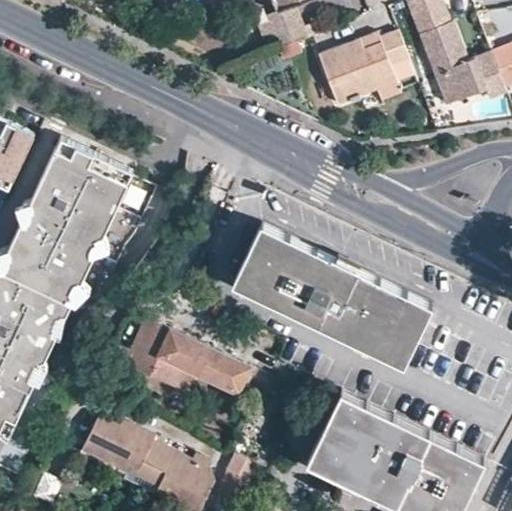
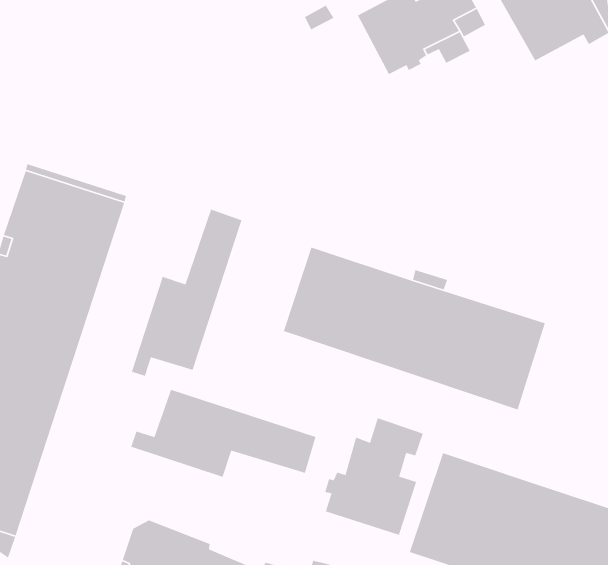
building: none -> [131,208,242,377]
building: none -> [324,417,424,536]

